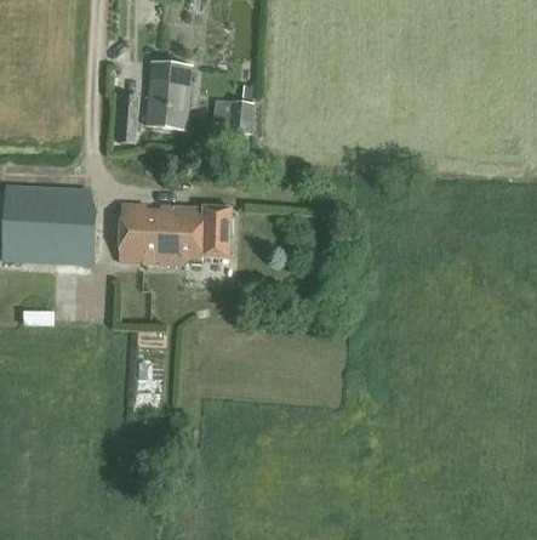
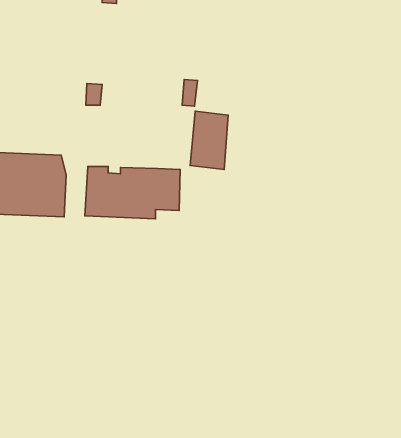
building: [145,61,190,130] -> [190,111,228,170]

